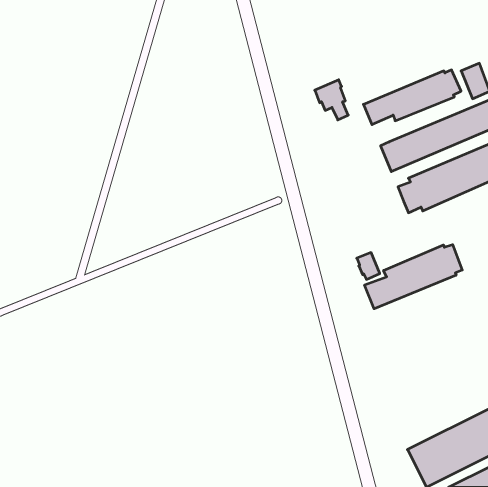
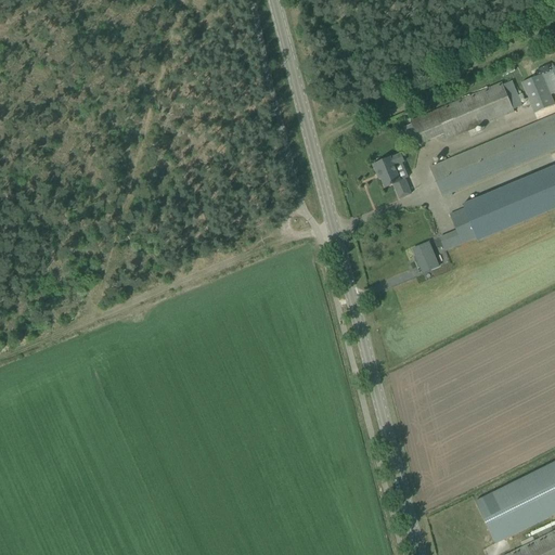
building: [315,80,348,120] -> [375,151,413,196]
building: [365,245,462,309] -> none
building: [357,253,380,279] -> [414,240,440,270]

